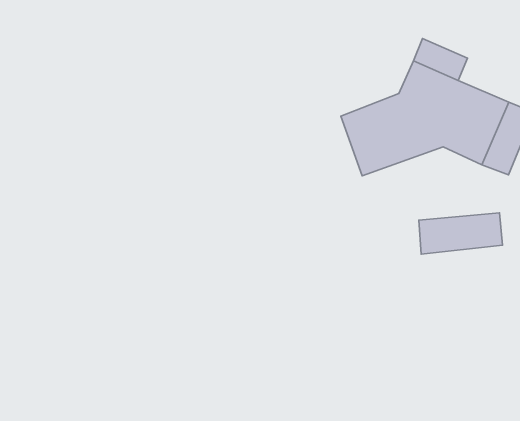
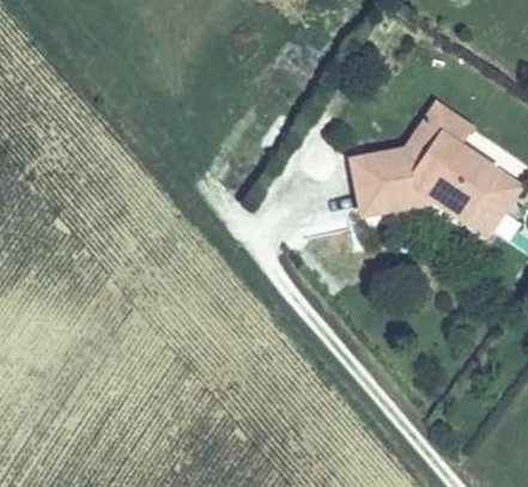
building: [419,213,502,254] -> none

